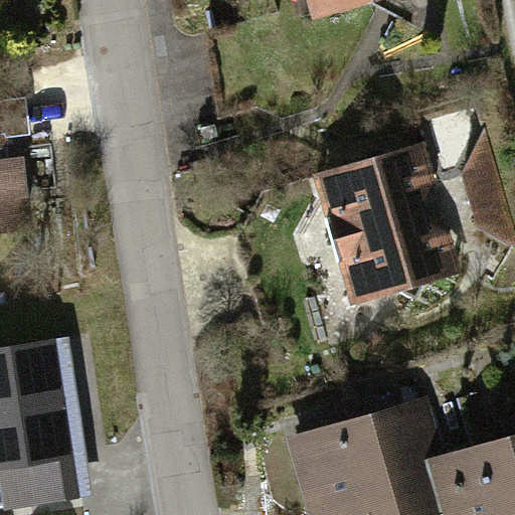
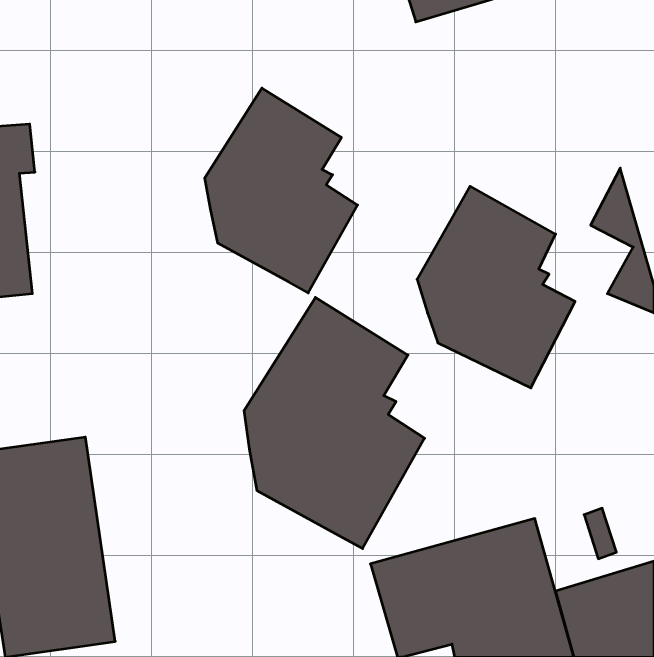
building: none -> [205,88,358,293]
building: none -> [244,297,425,549]

